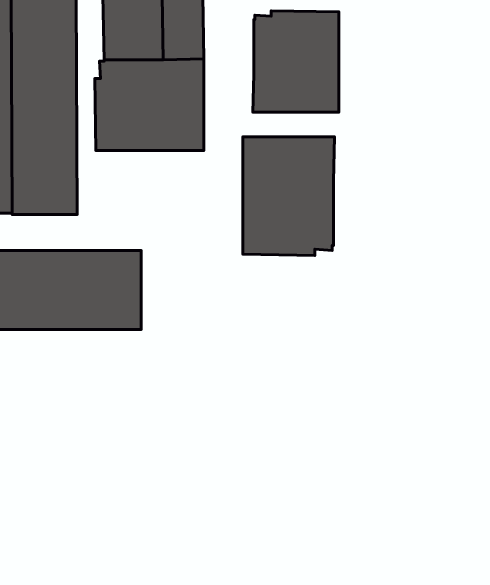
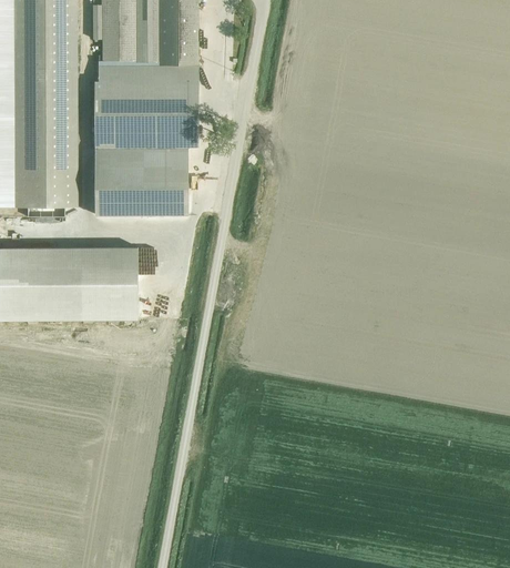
building: [253,11,339,112] -> none
building: [243,137,335,255] -> none
building: none -> [92,150,185,216]

